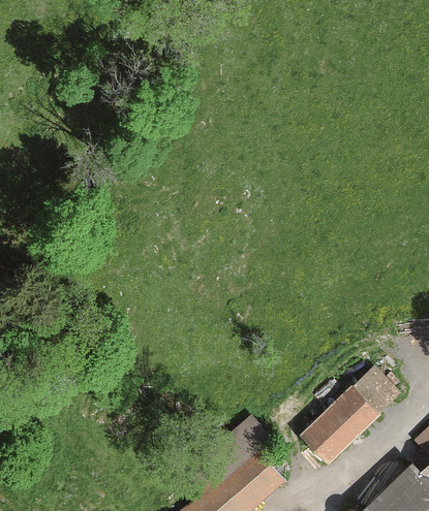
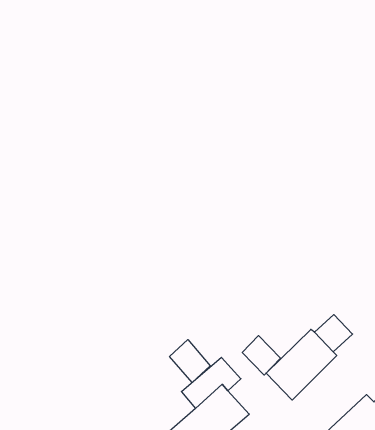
building: none -> [242,336,280,375]
building: none -> [170,340,210,383]

